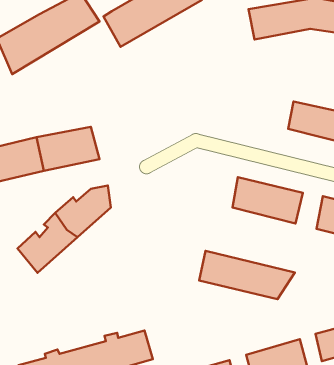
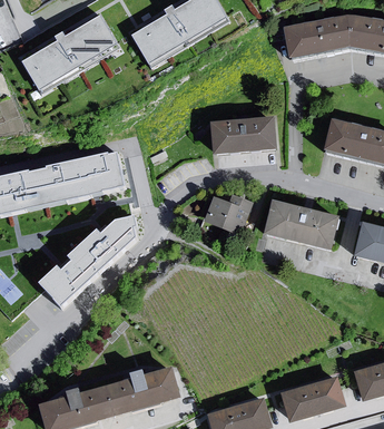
building: none -> [211,123,279,158]
building: none -> [204,196,255,234]
building: [199,251,295,299] -> none

